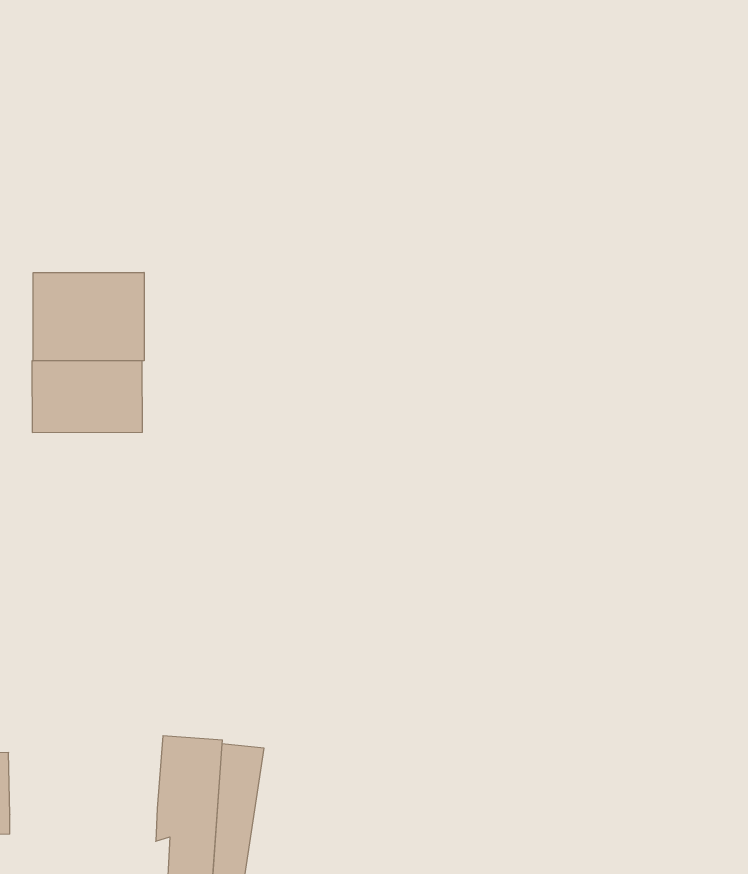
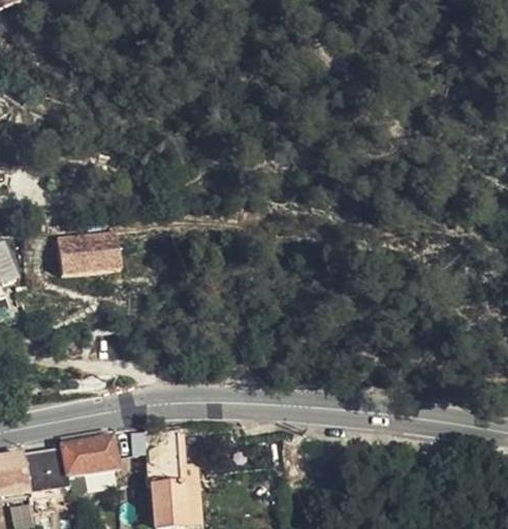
building: [33,272,144,361] -> none
building: none -> [63,438,113,481]

